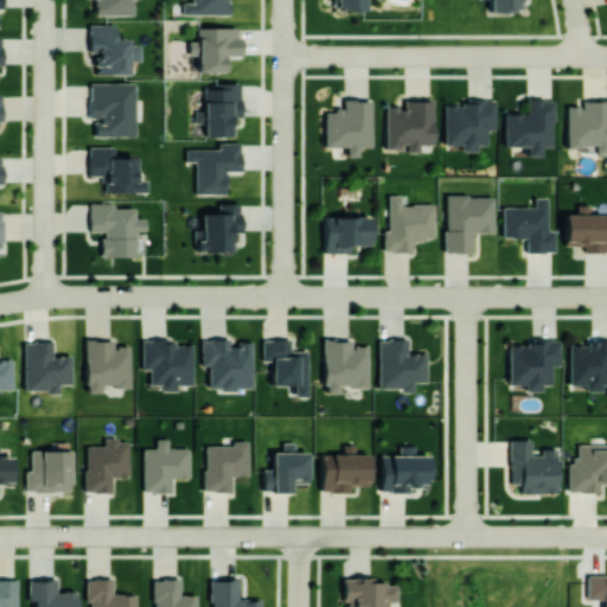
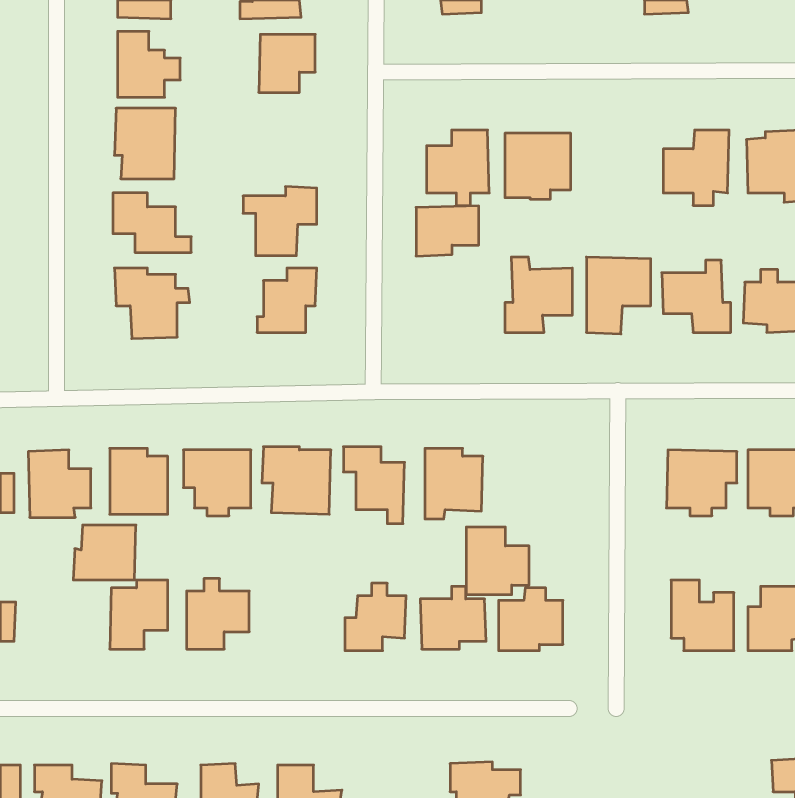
building: [206,84,244,139] -> none
building: [446,103,497,153] -> none
building: [326,217,373,255] -> [416,206,479,256]
building: [381,340,428,391] -> [466,527,529,595]
building: [206,445,251,493] -> none
building: [27,452,75,493] -> [73,525,136,580]

